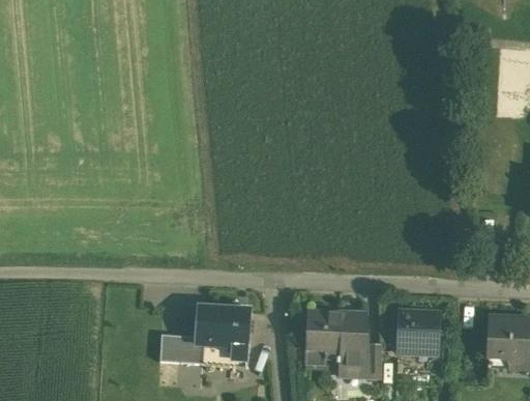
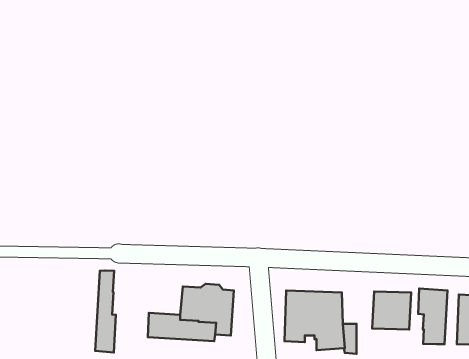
building: none -> [95,271,116,353]
building: none -> [418,289,447,344]

